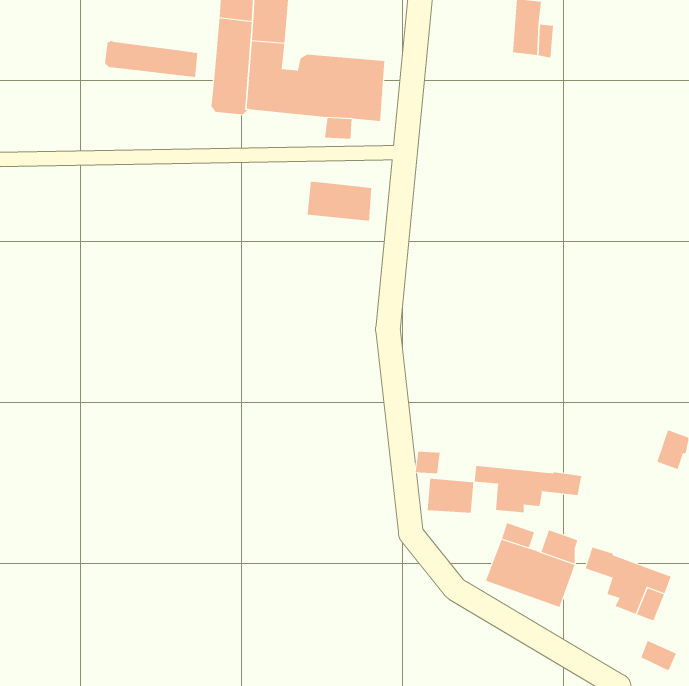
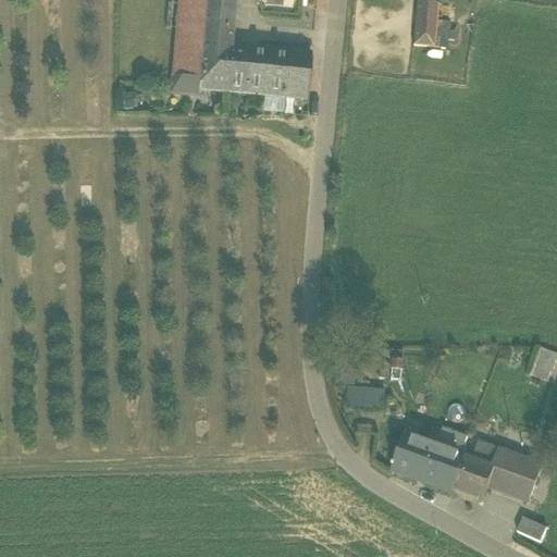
building: [105,39,198,78] -> none
building: [307,181,372,221] -> none
building: [474,465,582,513] -> none
building: none -> [451,455,493,499]

